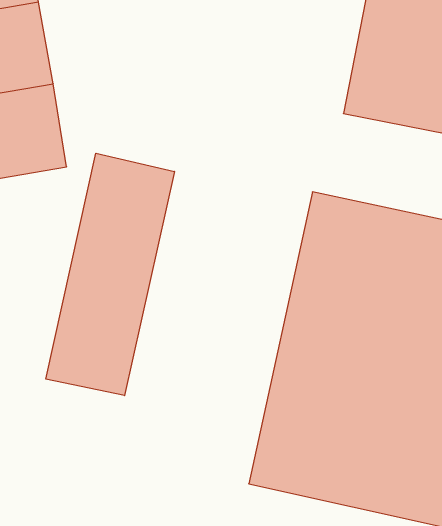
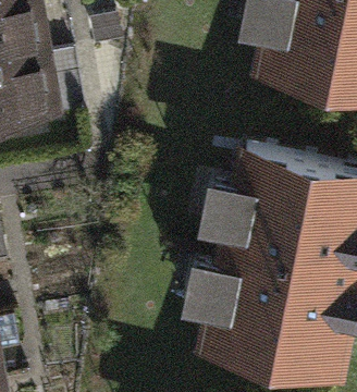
building: [46,153,174,396] -> none

